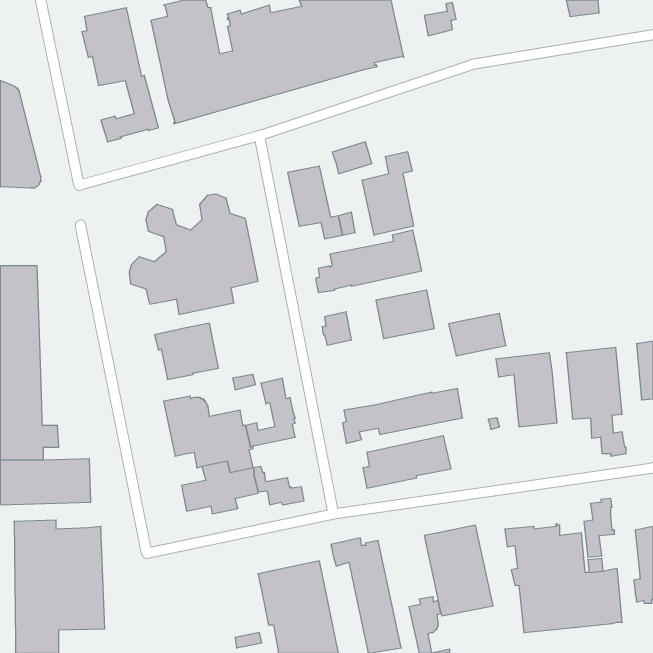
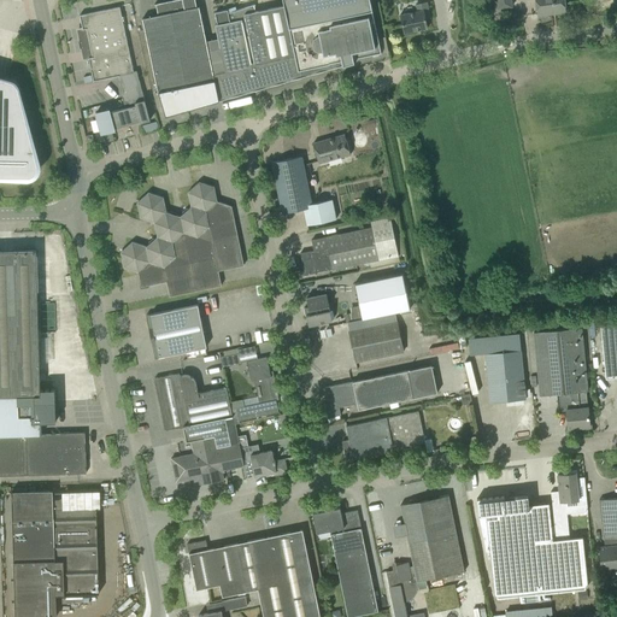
building: [362,152,413,235] -> none
building: [448,314,506,356] -> [348,322,402,362]
building: none -> [187,540,253,597]

